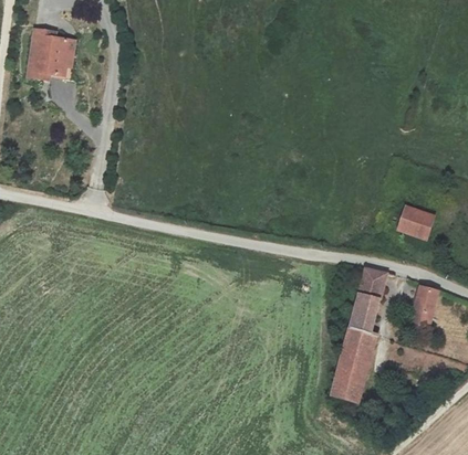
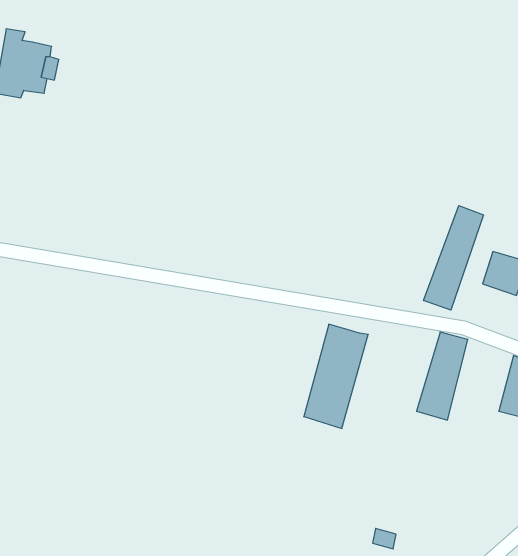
building: none -> [424,206,483,310]
building: [330,320,378,399] -> [304,324,368,428]

